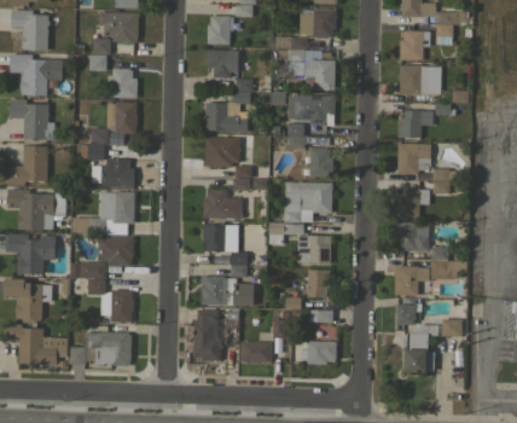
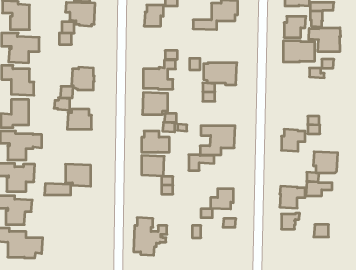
building: none -> [309,28,341,52]
building: [207,50,238,77] -> none
building: [279,50,335,91] -> none
building: [105,69,138,98] -> none
building: [399,110,431,138] -> none
building: [397,144,430,174] -> none
building: [309,147,332,178] -> none
building: [71,191,134,234] -> none
building: [395,222,429,251] -> [313,152,338,173]
building: [296,236,331,263] -> none
building: [201,276,254,306] -> none
building: [87,279,133,321] -> none
building: [405,325,437,372] -> none
building: [70,332,132,366] -> none
building: [300,341,336,365] -> none
building: [240,342,271,363] -> none

